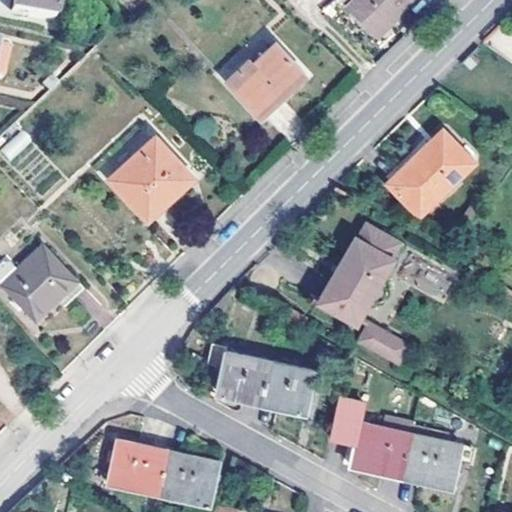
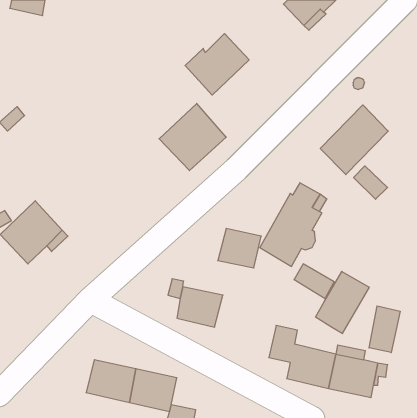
building: [110,136,192,218] -> [159,103,226,171]
building: none -> [354,166,388,199]
building: none -> [316,271,369,334]
building: [262,361,315,409] -> [218,229,261,268]
building: none -> [369,306,400,353]

